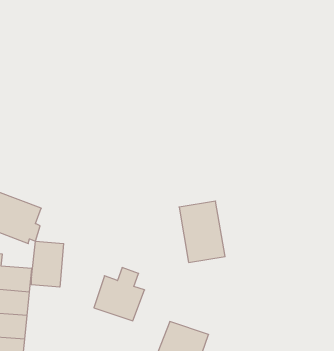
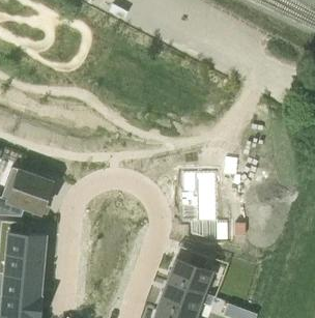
building: [31,241,64,287] -> none
building: [94,268,145,321] -> [168,248,212,294]

